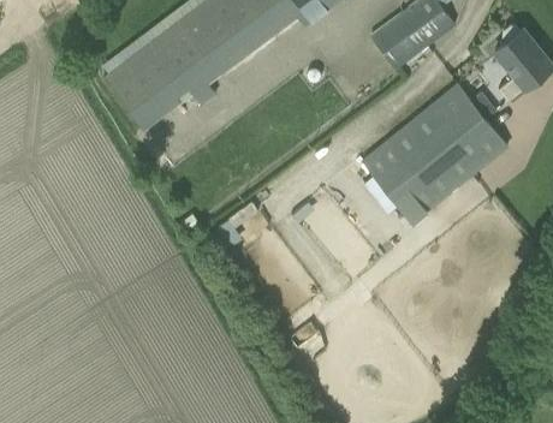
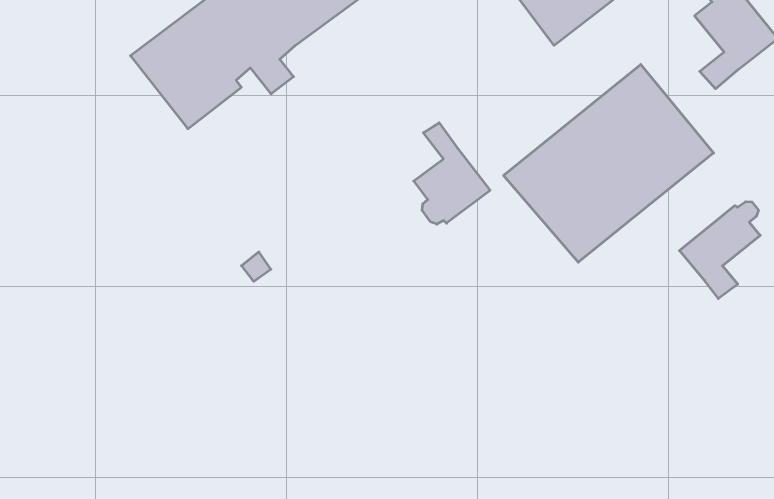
building: none -> [414,123,490,224]
building: none -> [679,202,760,299]

